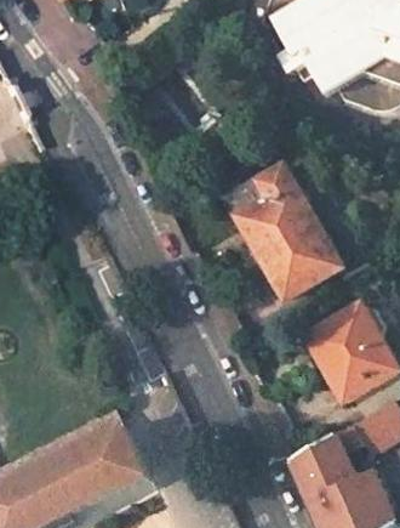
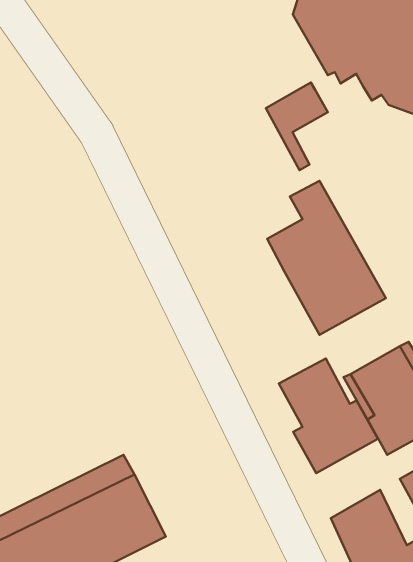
building: [217,177,270,252] -> [266,83,328,170]
building: none -> [279,358,378,473]

